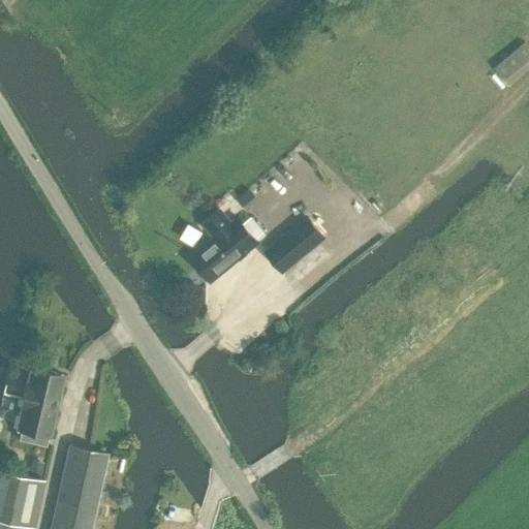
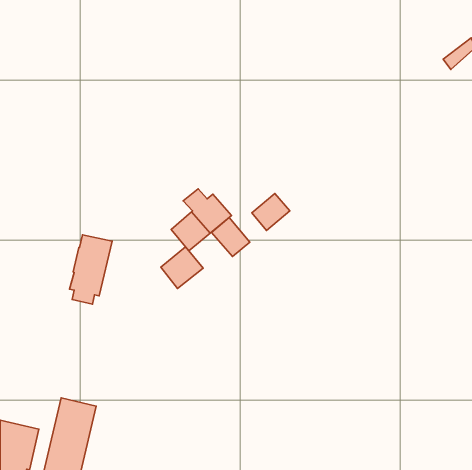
building: none -> [212,217,250,257]
building: none -> [161,247,203,288]
building: [17,370,64,447] -> [69,235,112,304]

